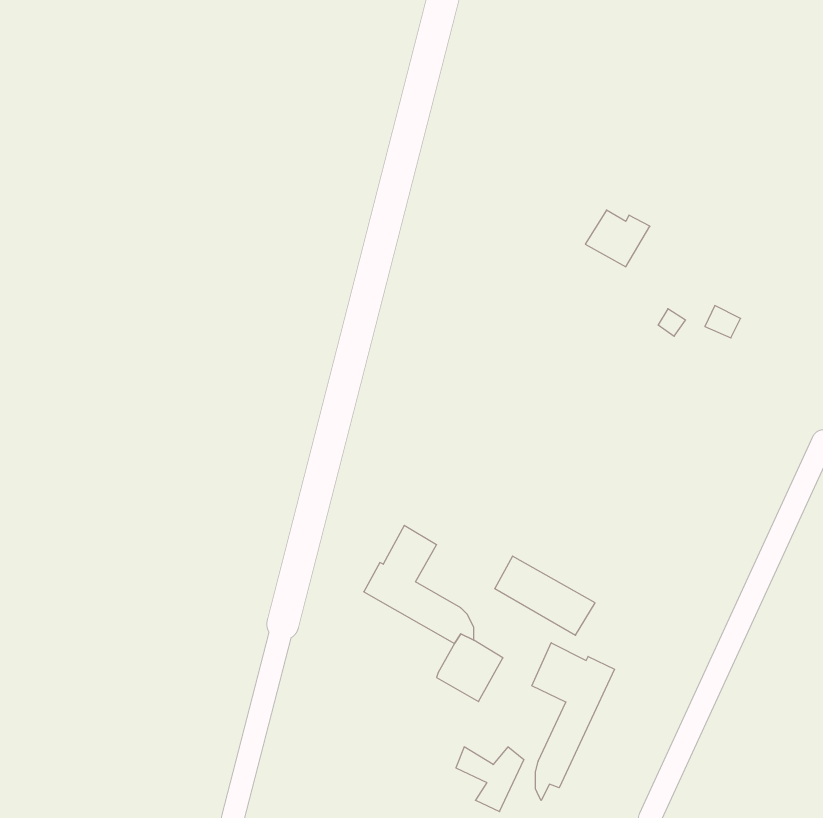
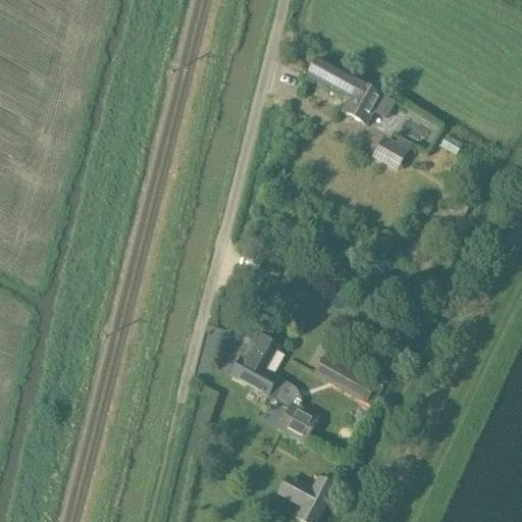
building: none -> [307,56,394,122]
building: [532,643,615,800] -> none

